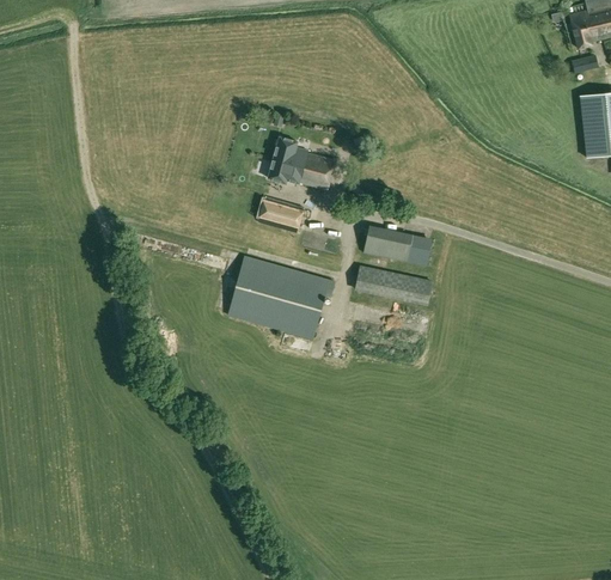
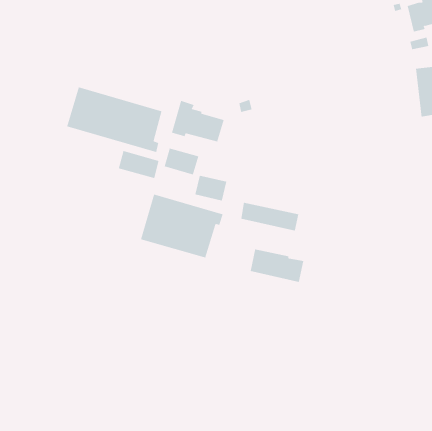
building: none -> [67,86,162,153]
building: none -> [118,150,159,179]
building: [362,222,432,265] -> [250,249,304,282]

